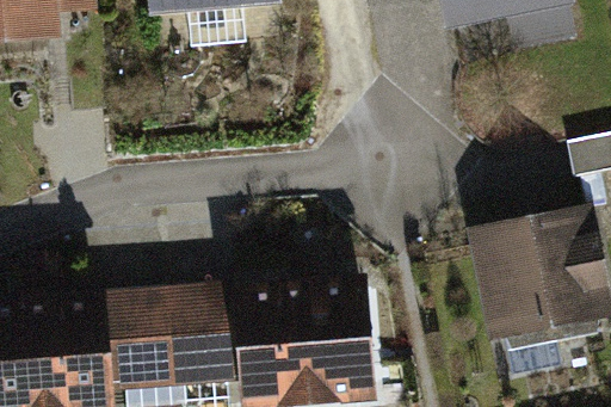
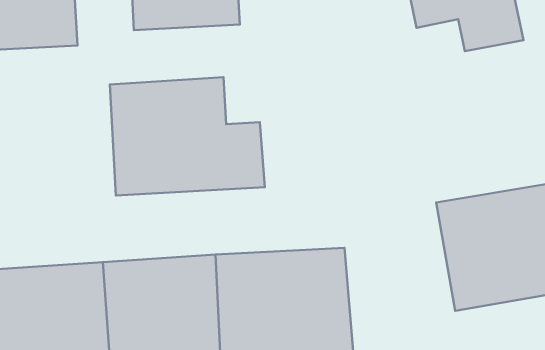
building: none -> [110,77,265,196]

